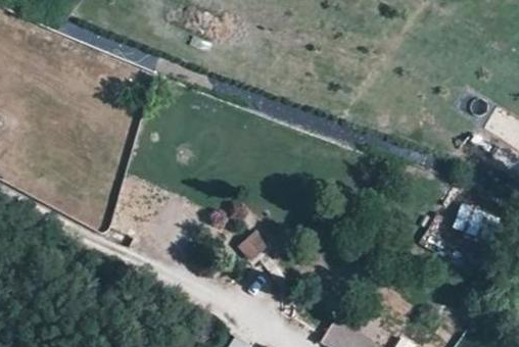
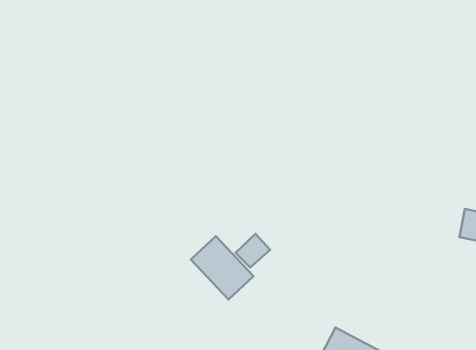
building: none -> [191,236,254,299]

